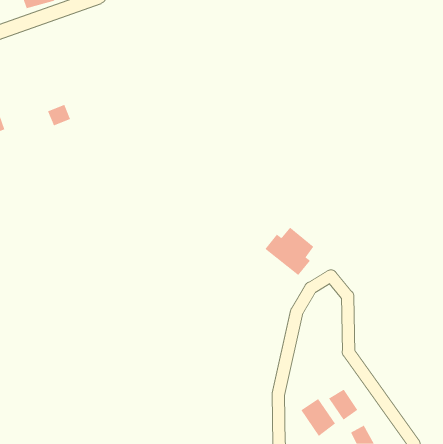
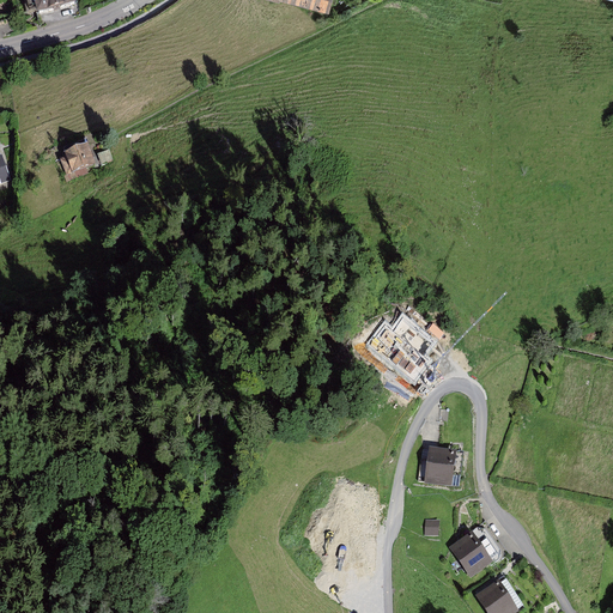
building: none -> [425,445,453,484]
building: [300,398,336,437] -> none

